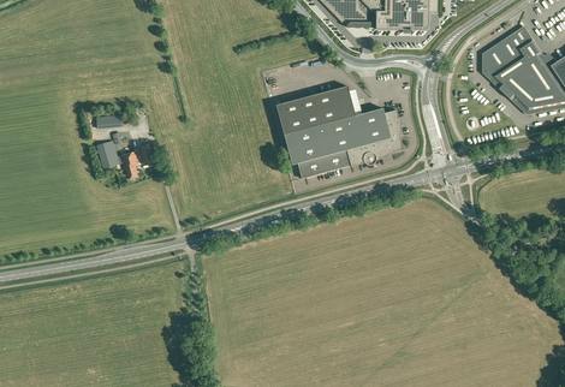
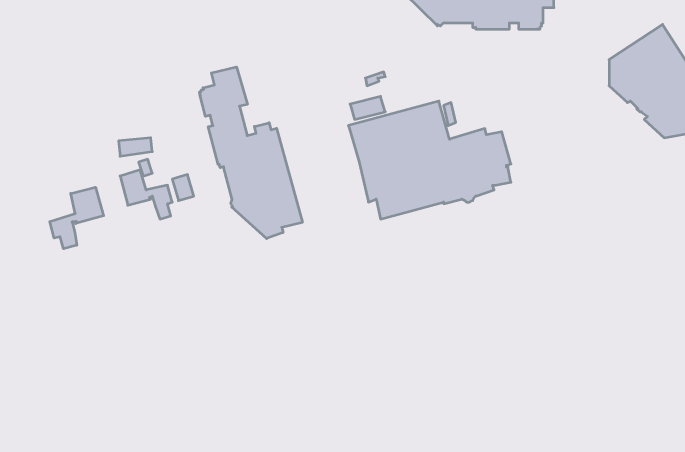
building: none -> [199,67,302,239]
building: none -> [50,187,104,249]

